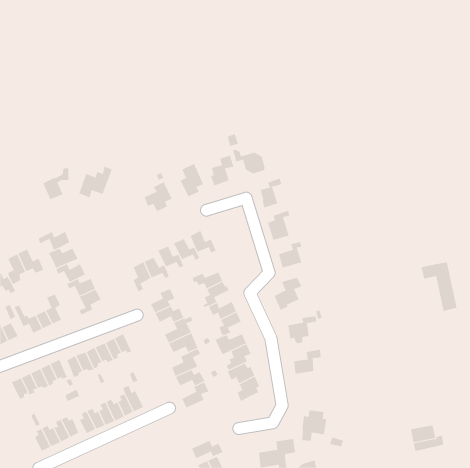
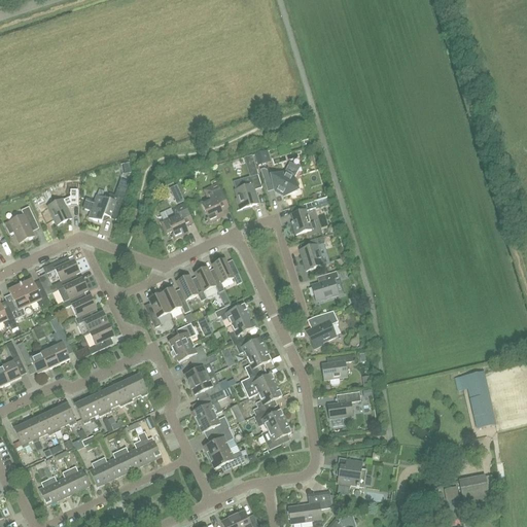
building: none -> [4,205,34,241]
building: [421,262,458,311] -> [453,371,494,426]
building: [191,440,224,459] -> [208,447,244,467]

